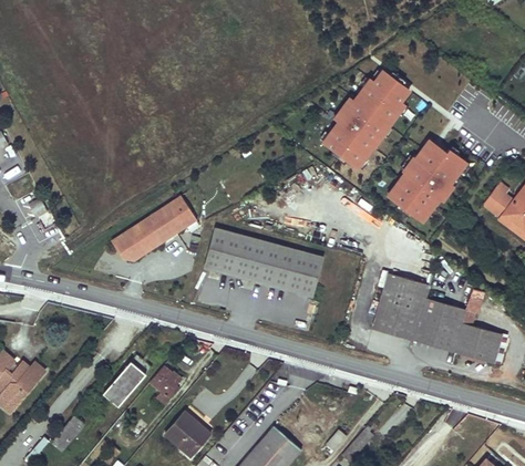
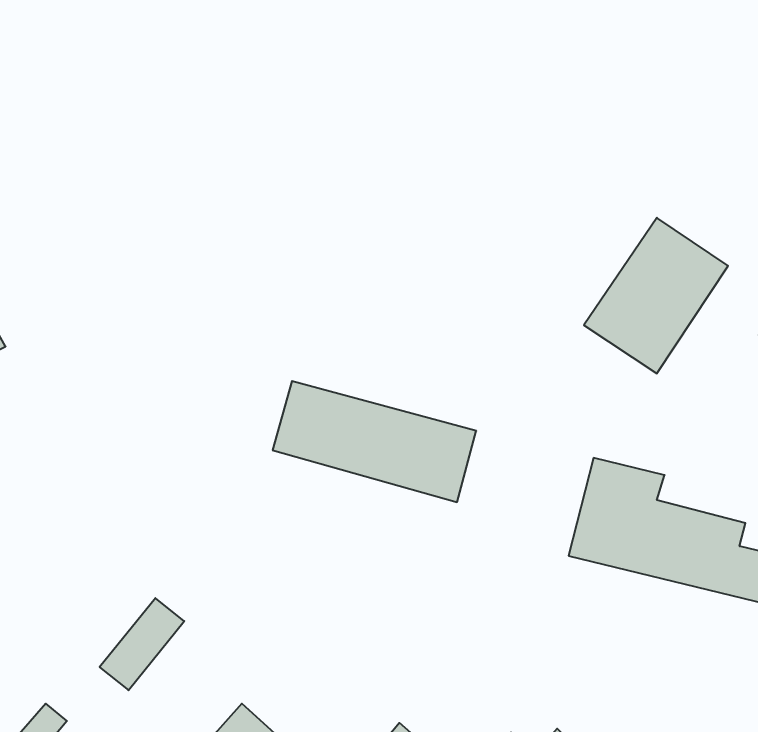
building: [319,68,411,169] -> none
building: [110,200,195,263] -> none
building: [151,365,182,406] -> none

